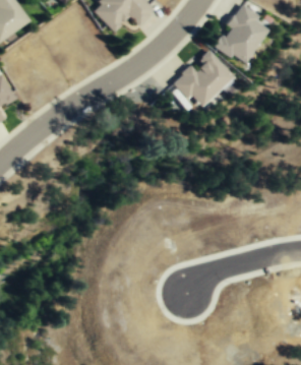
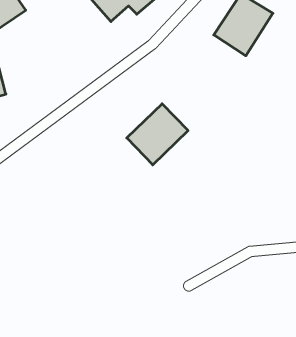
building: [172,51,232,111] -> [127,104,188,165]

